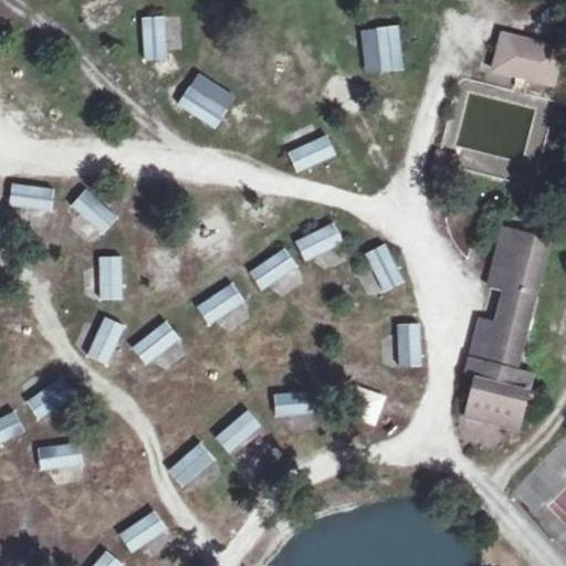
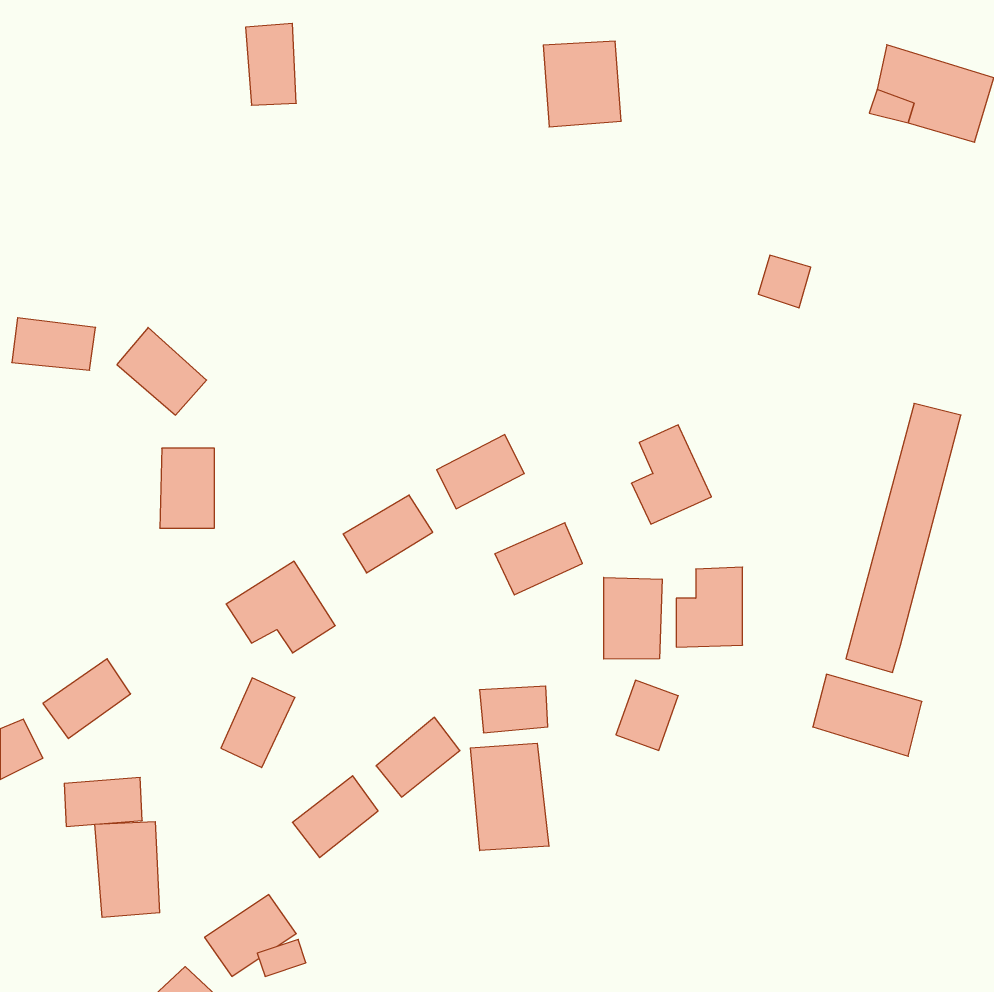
building: [359,27,403,75] -> [543,41,621,127]
building: [176,72,237,130] -> none
building: [286,134,336,175] -> none
building: [294,222,344,263] -> [495,523,582,595]
building: [461,227,531,400] -> none
building: [85,316,127,367] -> [221,678,295,768]
building: none -> [604,577,662,659]
building: none -> [470,743,549,851]
building: none -> [95,822,160,917]

